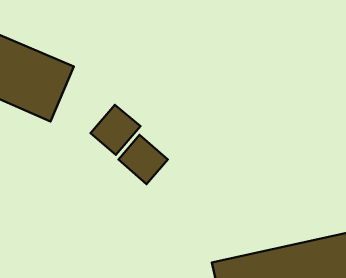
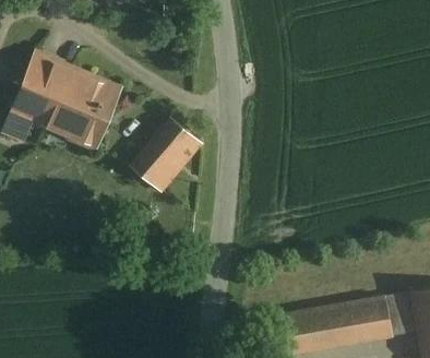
building: [118,135,168,184] -> none

